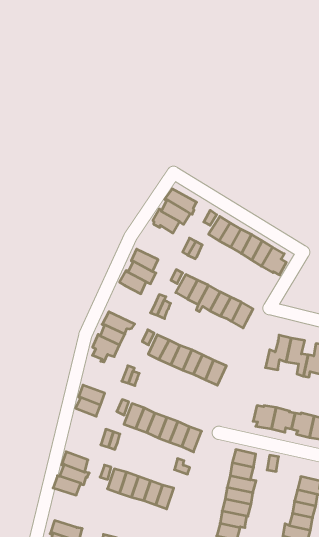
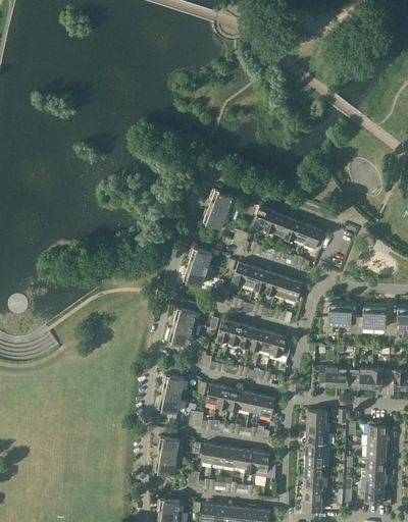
building: none -> [157,397,187,419]
building: none -> [256,453,275,479]

